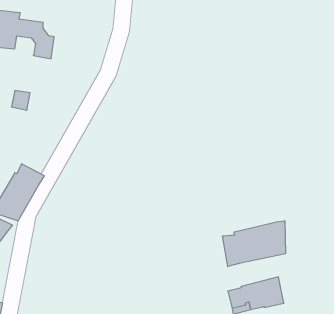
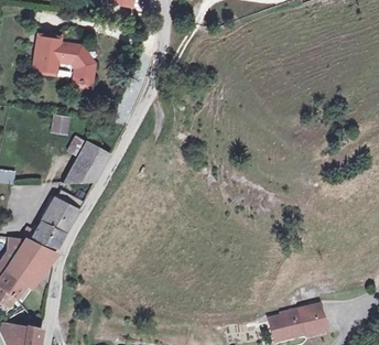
building: none -> [64,134,110,182]
building: [222,221,286,267] -> none

